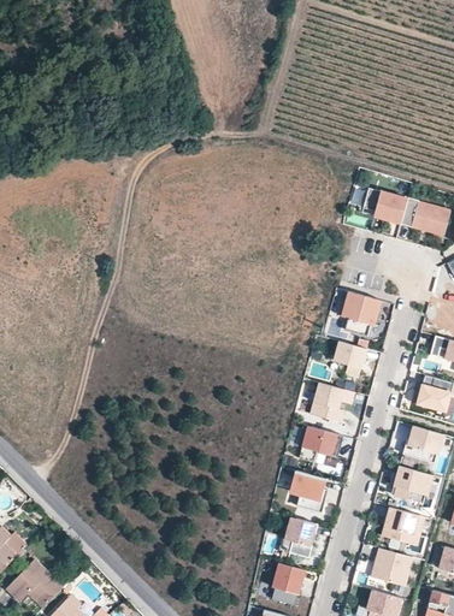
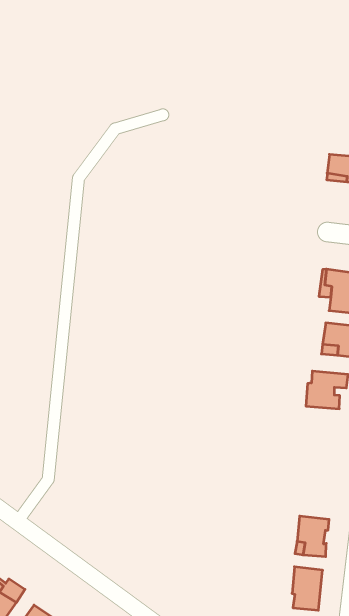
building: [299,427,343,463] -> none
building: [287,469,325,513] -> none

